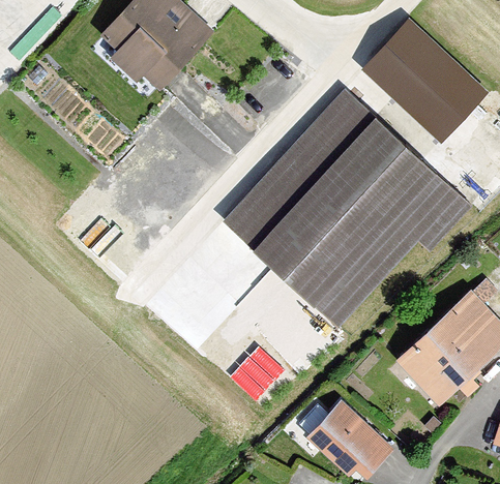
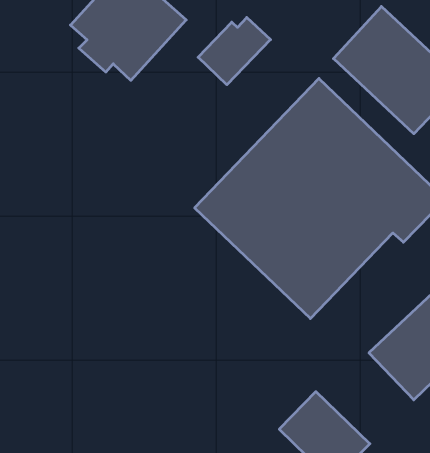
building: none -> [198,17,271,85]

